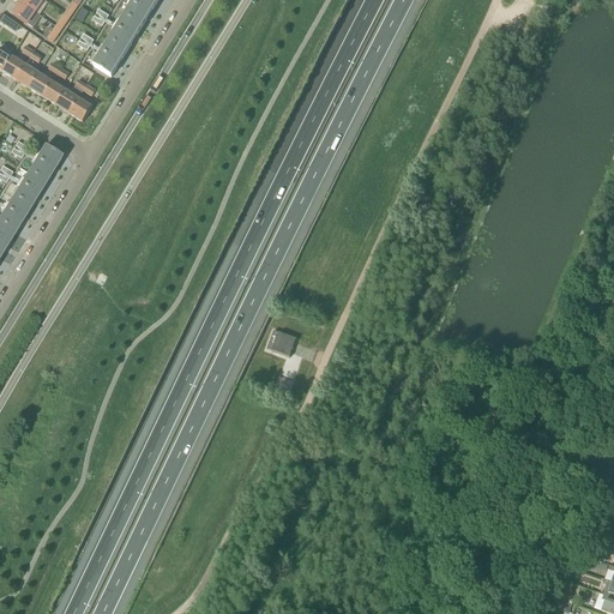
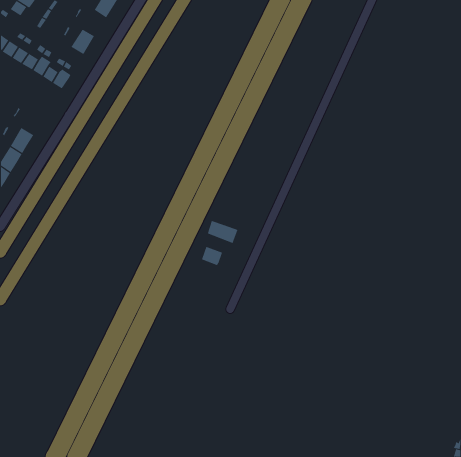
building: [109,13,142,48] -> none
building: [28,145,61,180] -> none
building: none -> [207,220,238,244]

